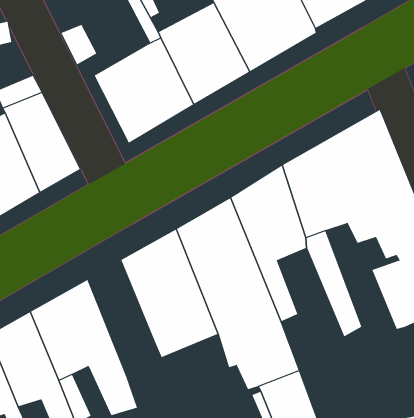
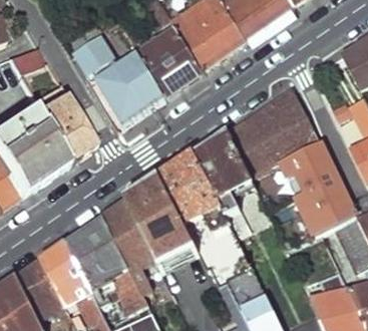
building: none -> [104,203,152,282]

